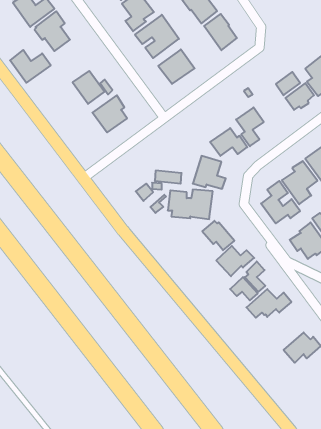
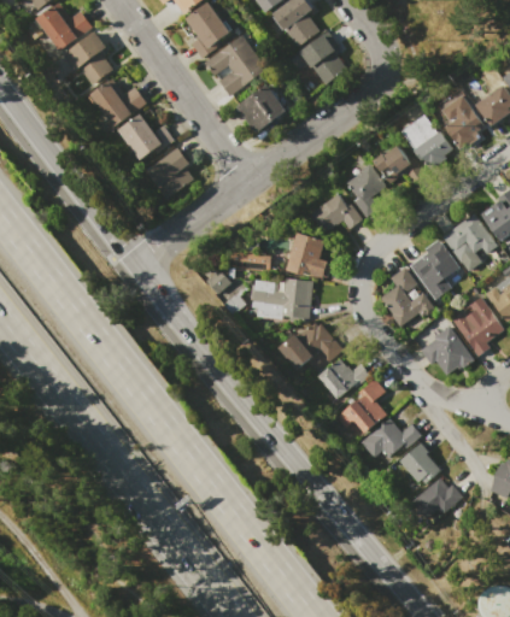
building: [10,50,51,83] -> [89,81,146,127]
building: none -> [373,145,423,183]
building: none -> [279,334,313,369]
building: none -> [399,442,441,483]

